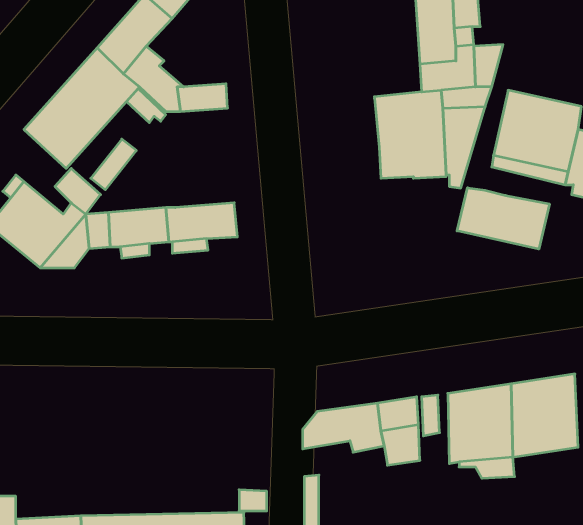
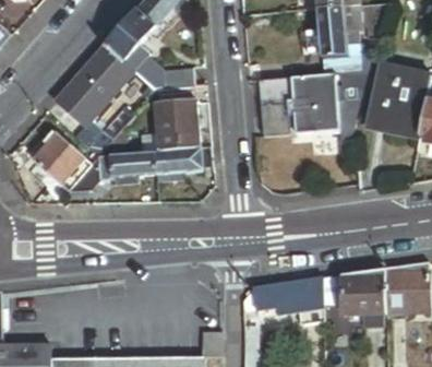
building: none -> [260,78,295,134]
building: none -> [154,100,197,151]
building: [457,188,549,249] -> none

